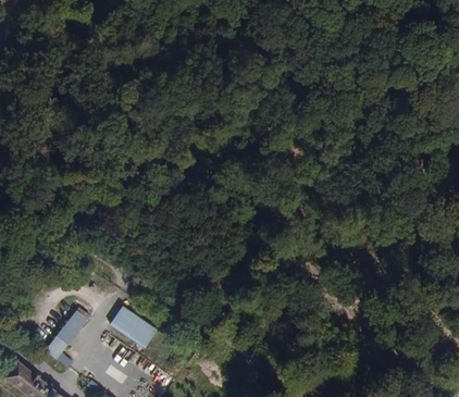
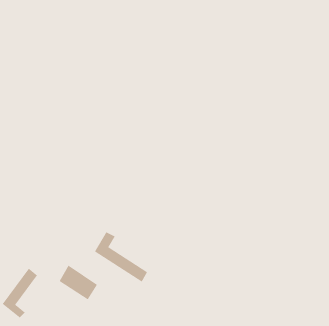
building: none -> [94,232,148,283]

